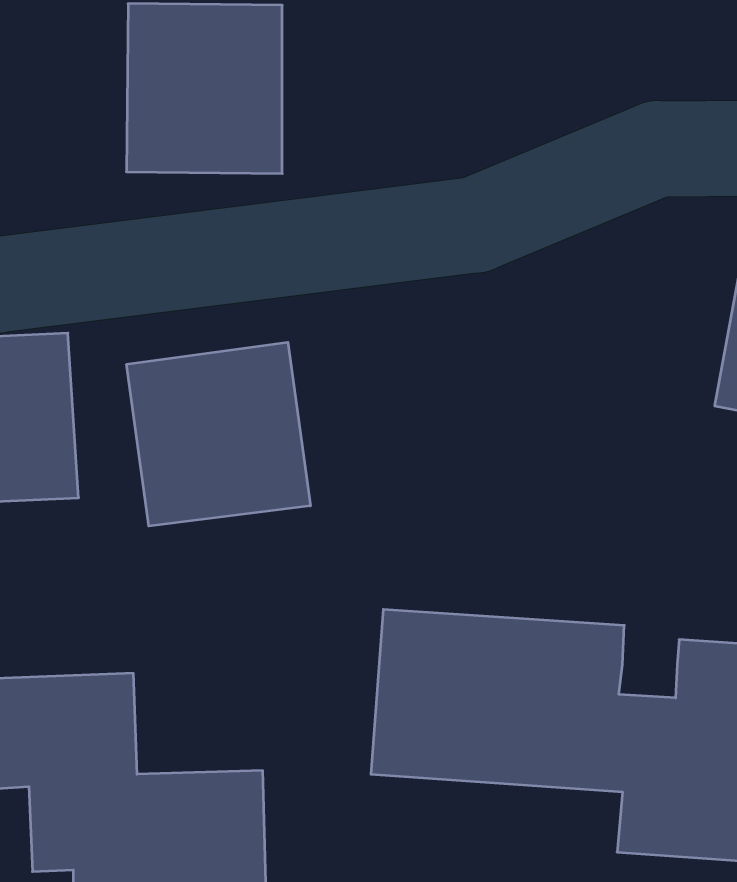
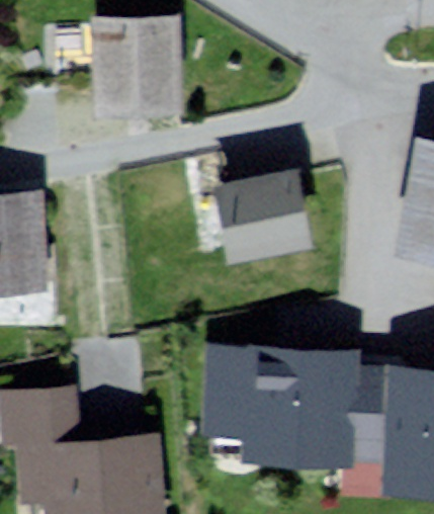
building: none -> [202,165,301,254]
building: [127,342,310,526] -> none

